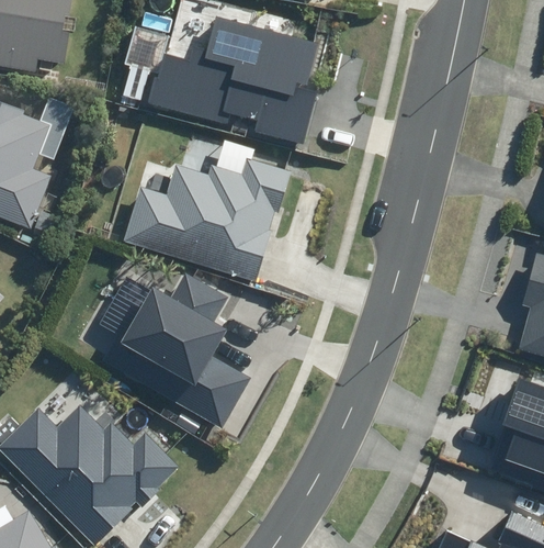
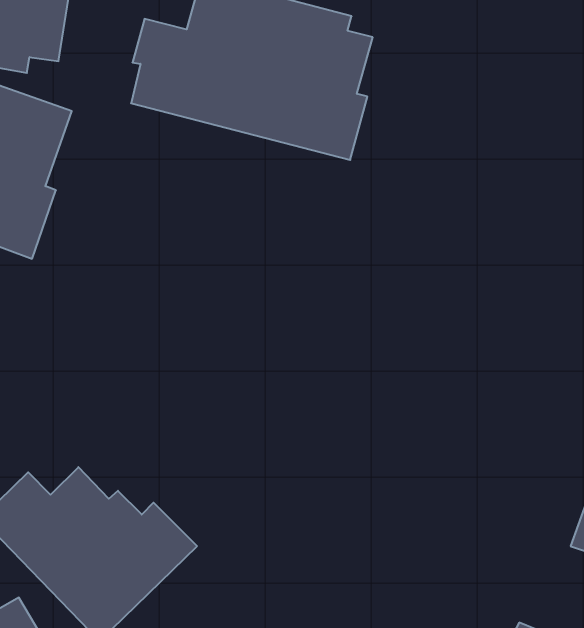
building: [122,132,293,286] -> none
building: [107,268,250,428] -> none

